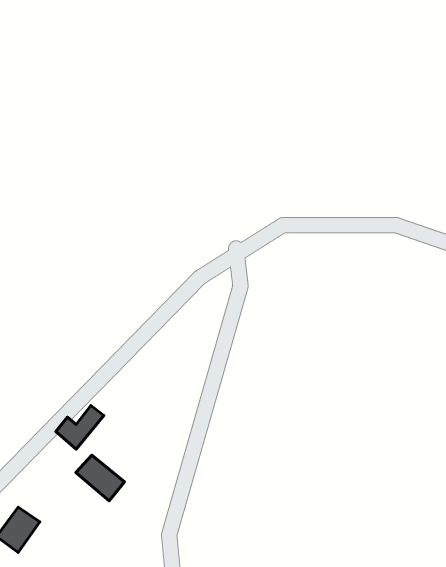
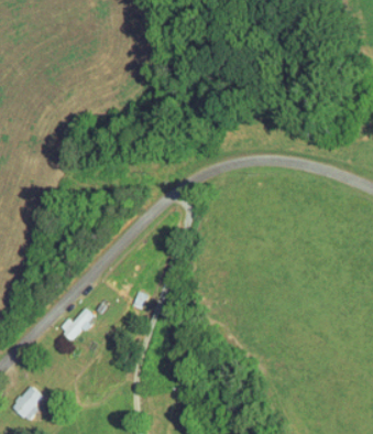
building: [76,455,125,501] -> none

